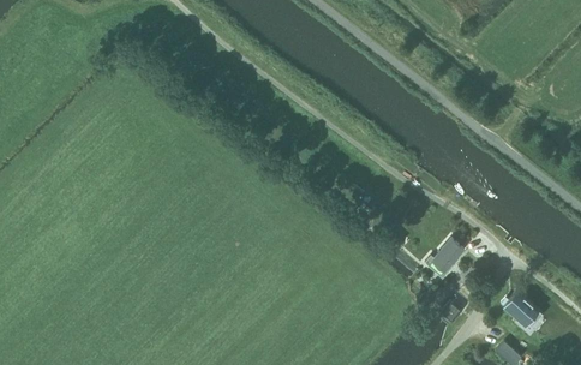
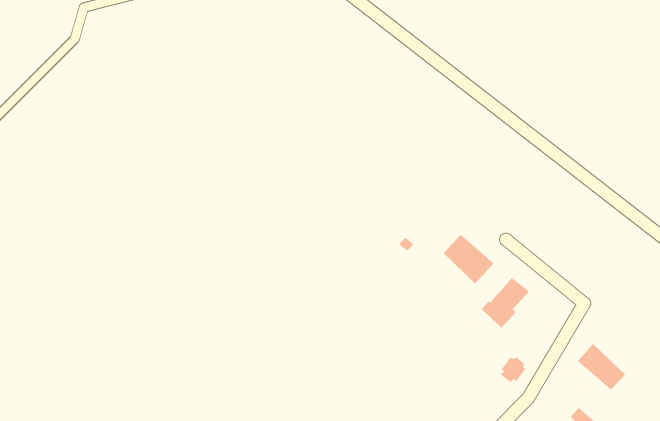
building: none -> [443,234,495,285]

